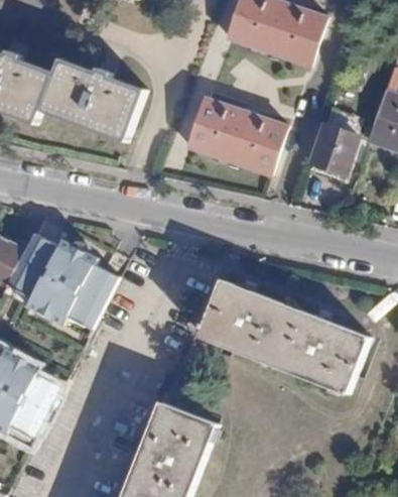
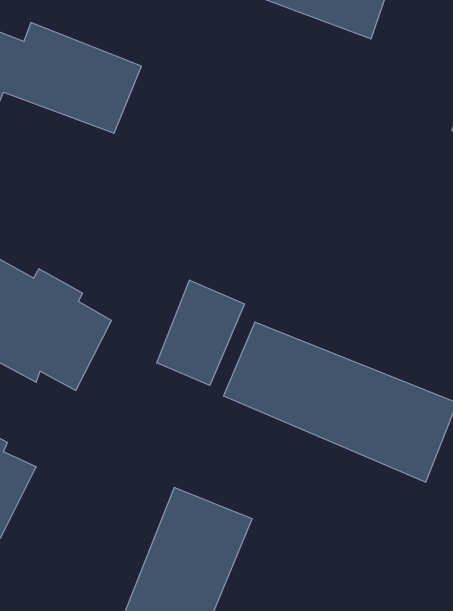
building: [188,100,285,176] -> none
building: [311,125,356,174] -> none
building: none -> [157,280,244,385]

